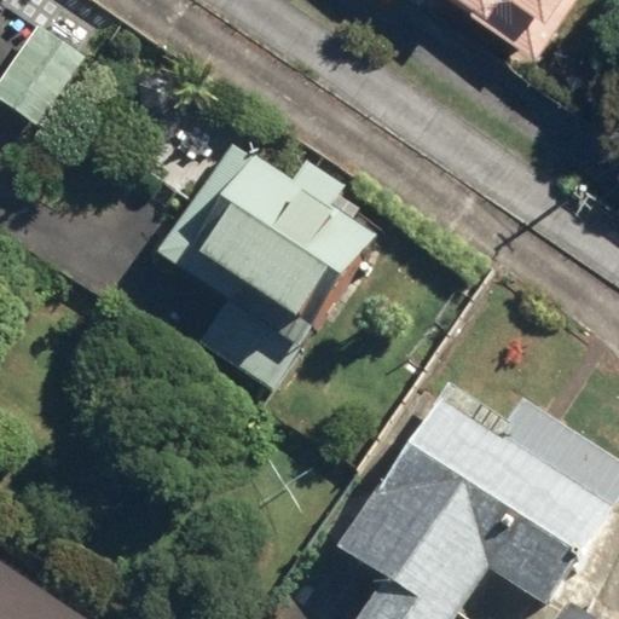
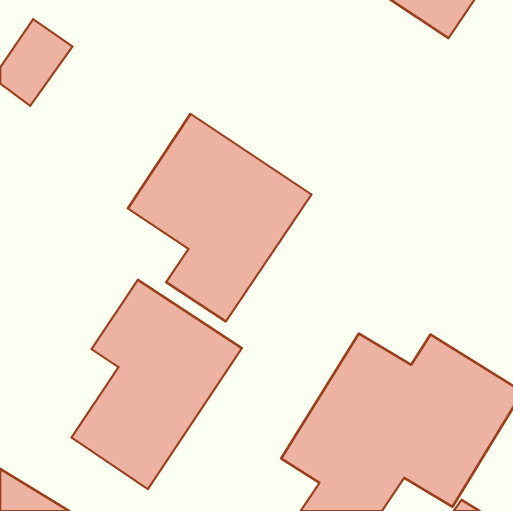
building: none -> [72,280,242,489]

